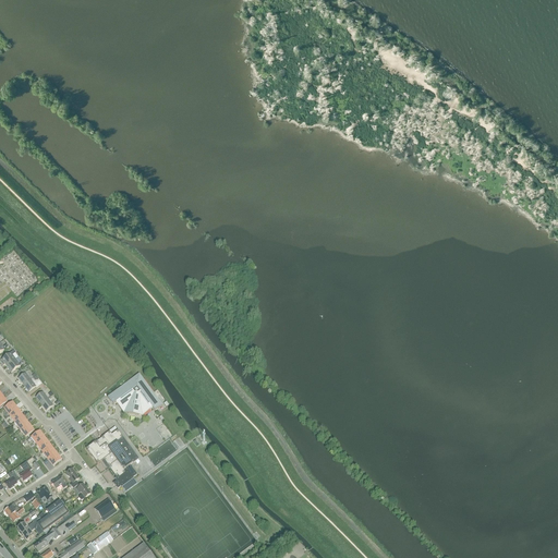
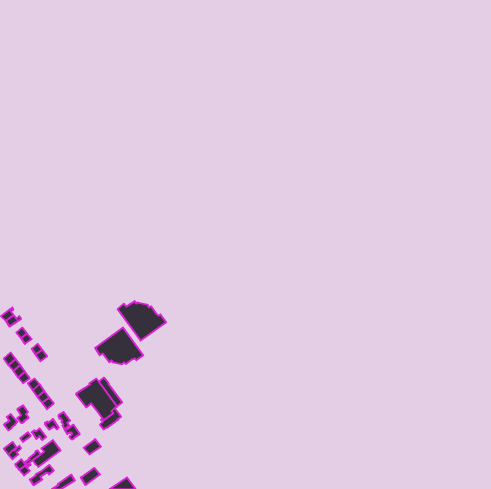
building: none -> [118,301,166,341]

